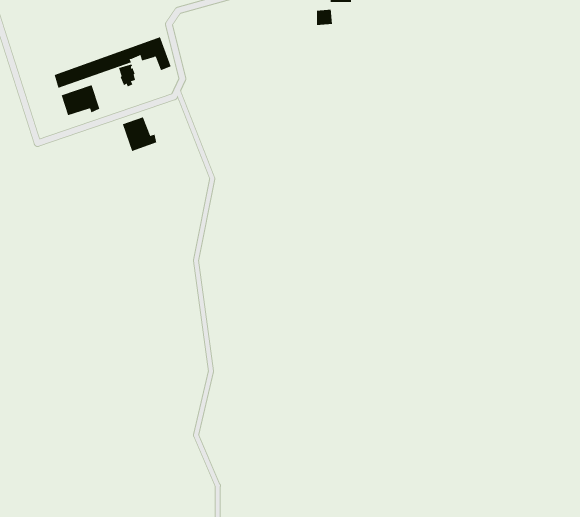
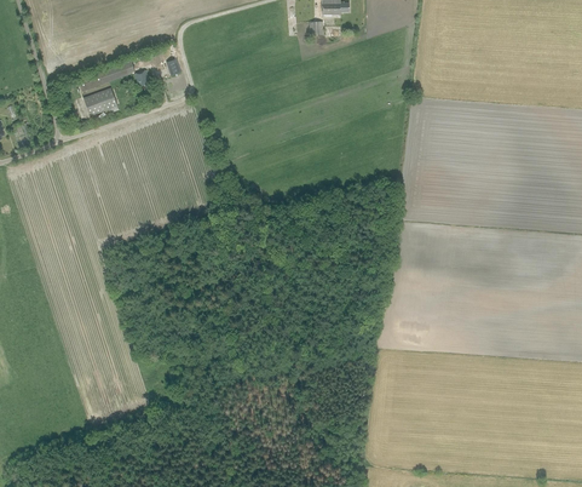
building: [122,116,157,152] -> none

